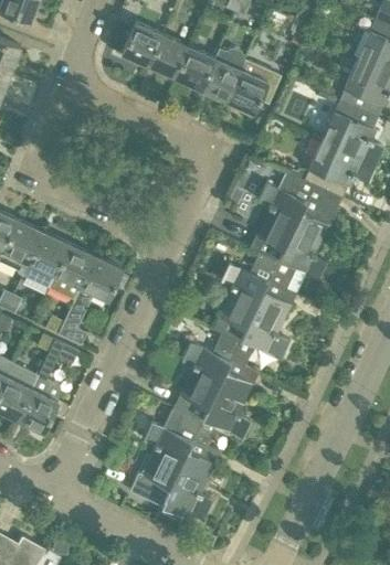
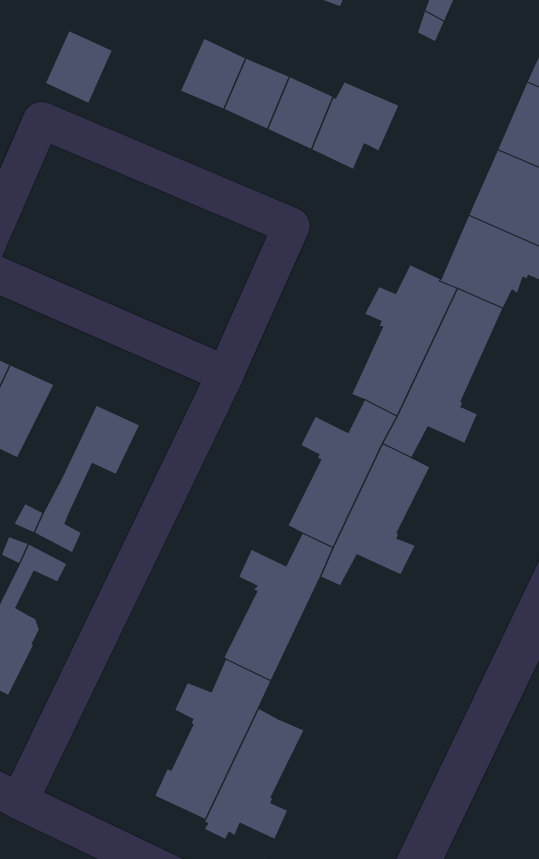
building: [120,22,161,66] -> [45,30,113,103]
building: [49,244,96,300] -> none
building: [194,360,260,446] -> none

